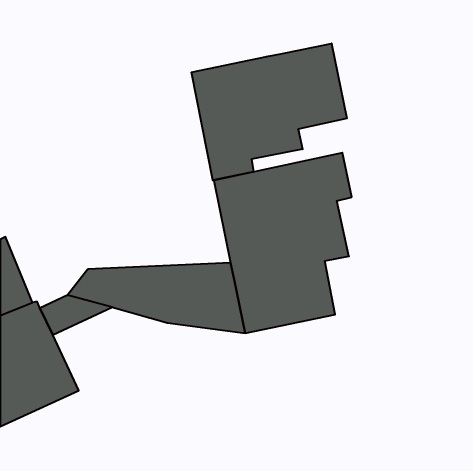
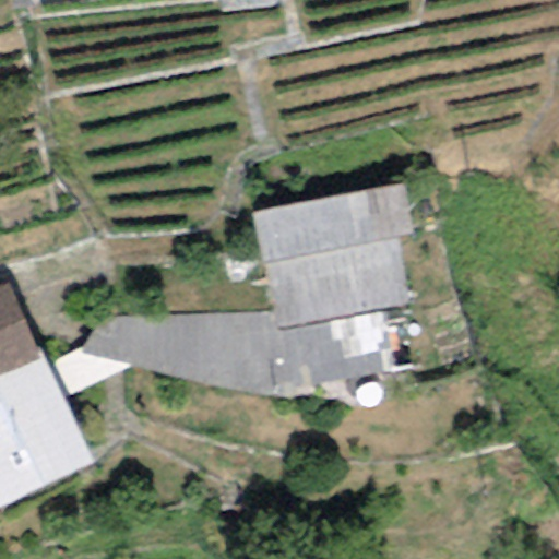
building: [192,43,347,180] -> none

